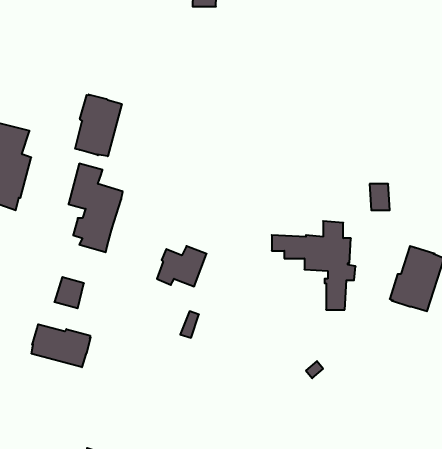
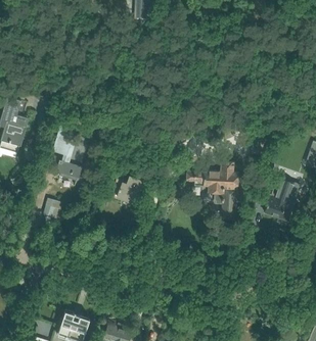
building: [75,94,122,156] -> none
building: [32,324,91,367] -> none

